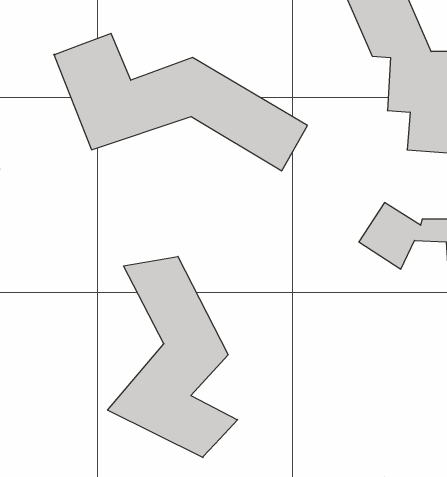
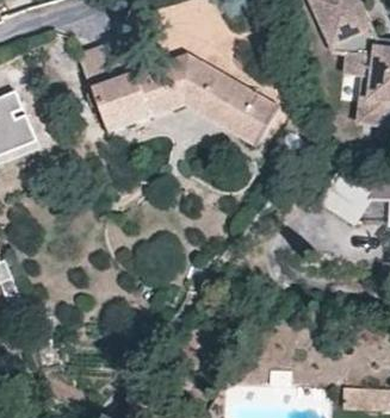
building: [108,256,238,458] -> none

